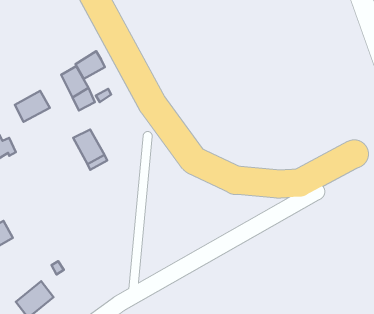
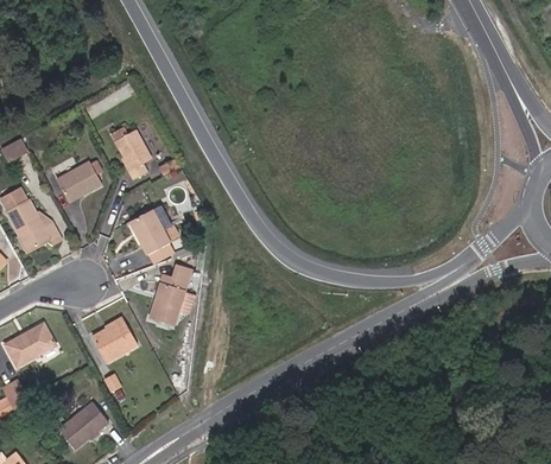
building: [76,51,105,79] -> none
building: none -> [150,267,188,324]
building: none -> [94,320,138,363]

